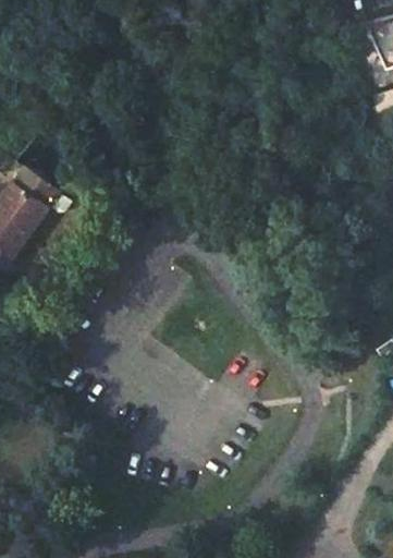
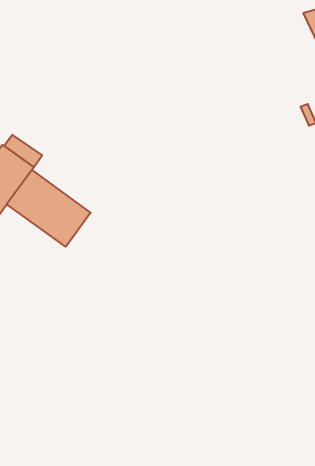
building: none -> [7,170,91,247]

